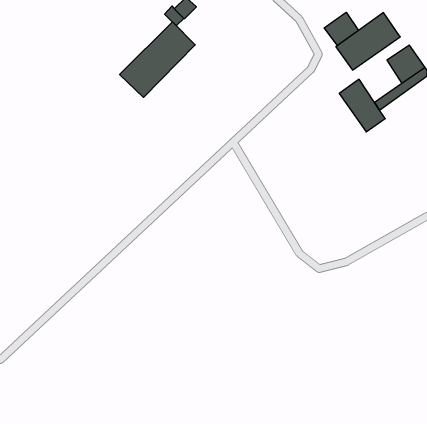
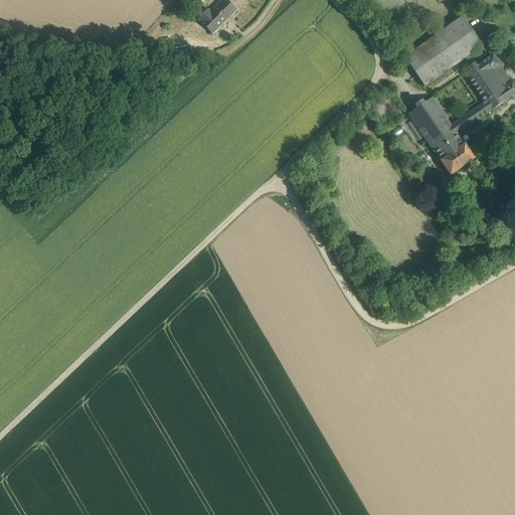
building: [324,12,358,46] -> none
building: [120,22,195,97] -> none
building: none -> [440,143,475,174]

